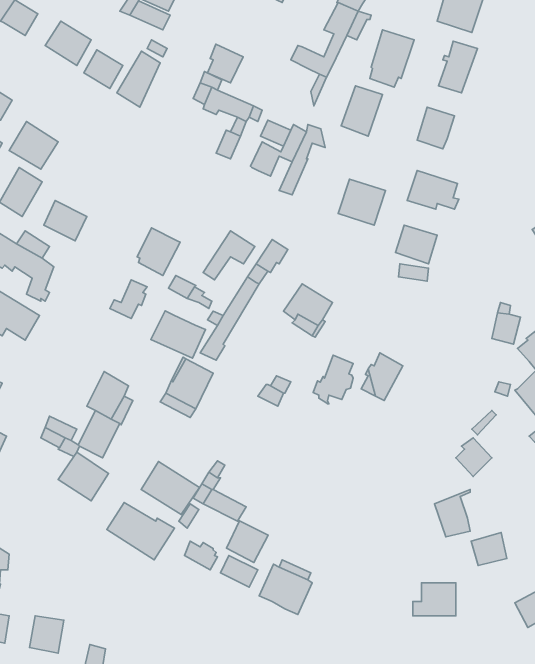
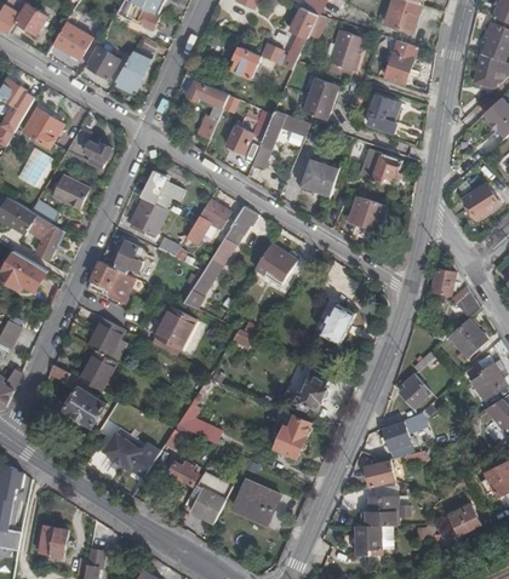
building: [207,44,243,83] -> [230,46,261,79]
building: none -> [64,127,111,168]
building: none -> [141,172,183,208]
building: [151,311,205,358] -> [87,262,133,302]
building: [313,355,353,404] -> [293,371,327,412]
building: [141,461,199,514] -> none
building: none -> [274,415,310,458]
building: [226,521,268,562] -> [189,488,224,523]
building: [471,532,507,566] -> [362,460,393,488]
building: none -> [360,524,384,556]

